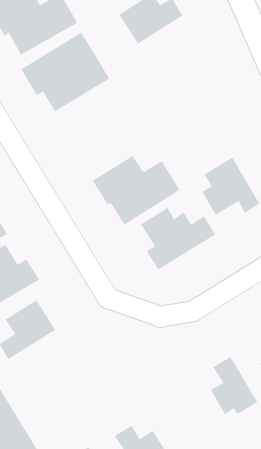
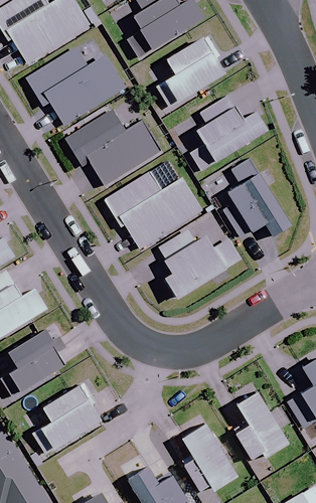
building: none -> [156,35,224,109]
building: none -> [189,97,267,172]
building: none -> [67,112,162,186]
building: none -> [41,382,105,449]
building: none -> [177,414,238,490]

